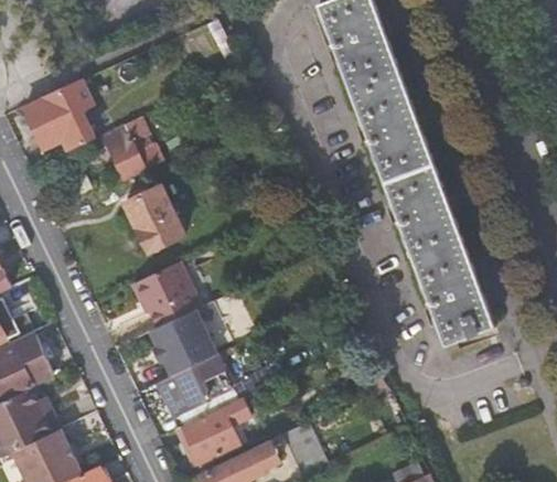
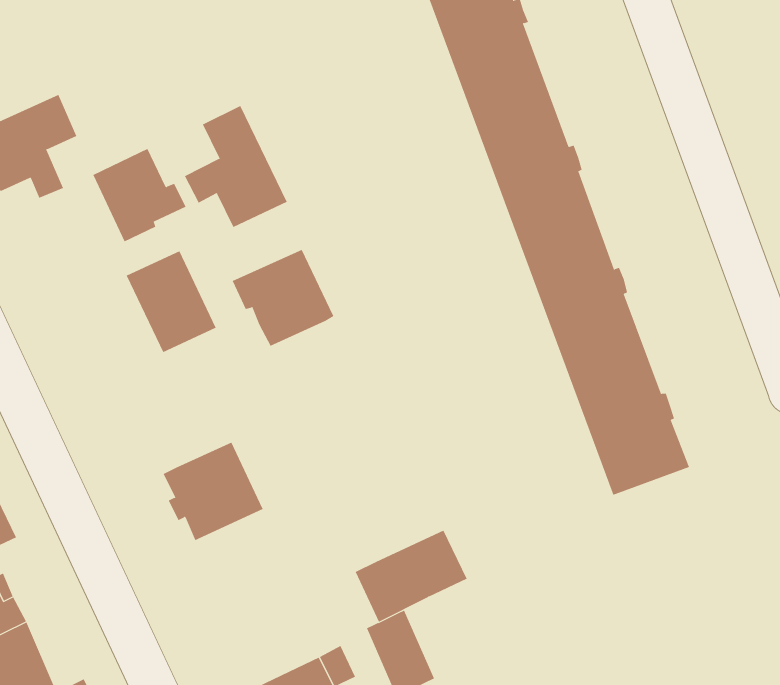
building: none -> [184,105,287,228]
building: [131,263,199,326] -> [232,249,334,346]
building: [156,354,229,415] -> [355,530,467,622]
building: [181,408,237,463] -> none

